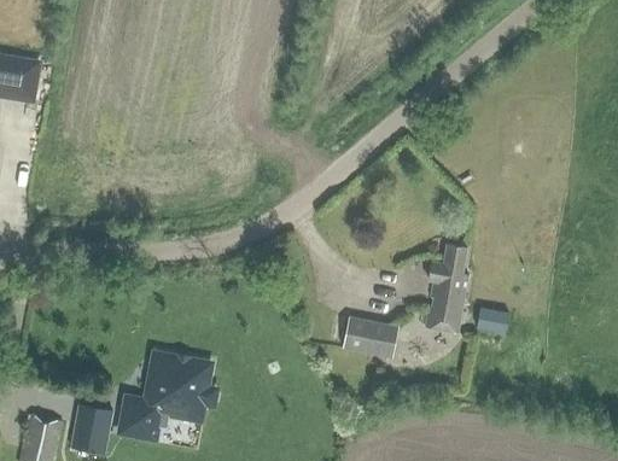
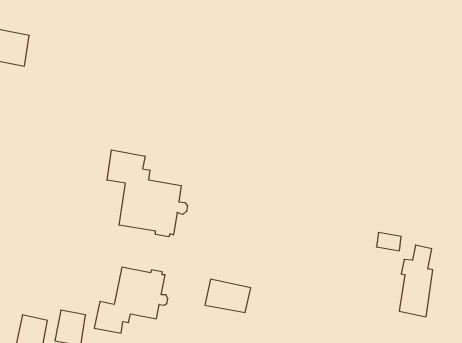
building: none -> [107,150,187,237]
building: [425,244,467,334] -> [399,245,433,317]
building: [342,316,400,358] -> [205,279,251,313]

